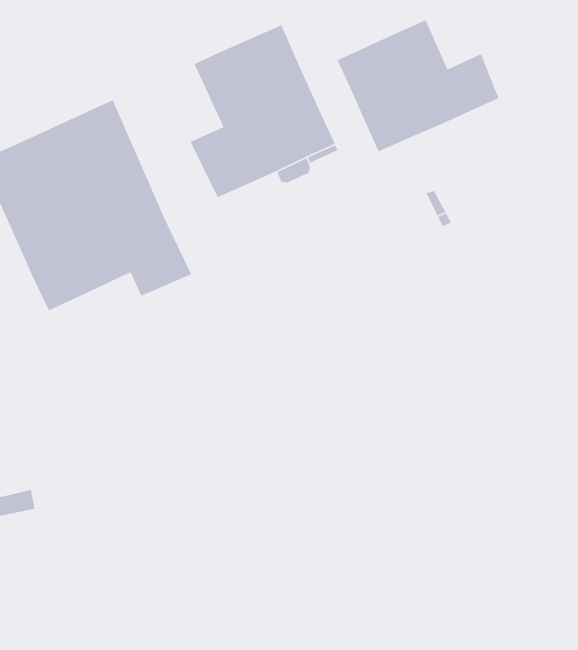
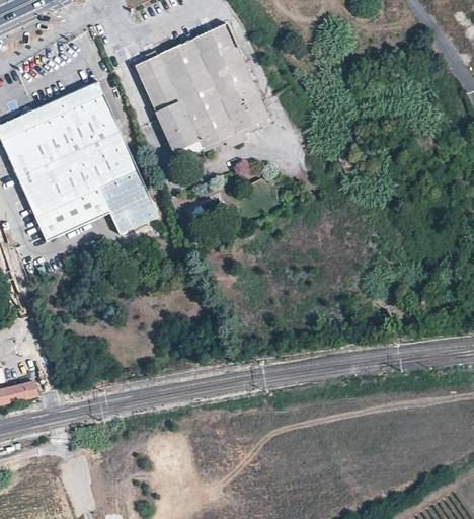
building: [336,19,500,153] -> none
building: none -> [134,53,181,113]

